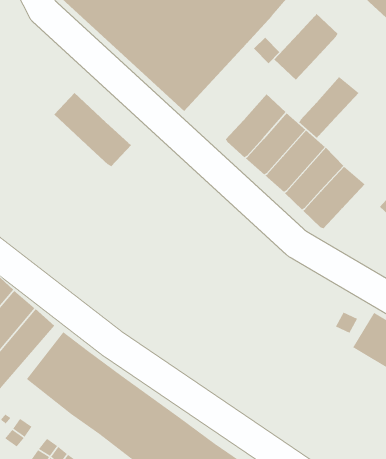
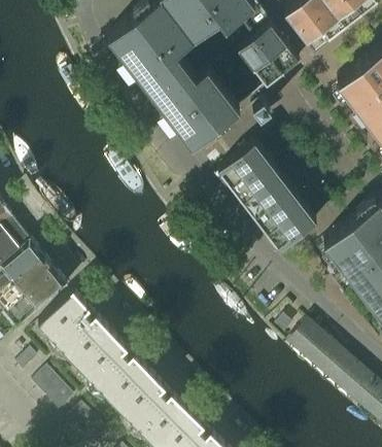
building: [273,13,338,80] -> none
building: [298,76,360,139] -> none
building: [54,92,132,167] -> none

